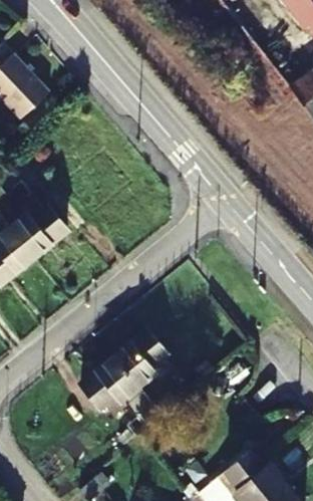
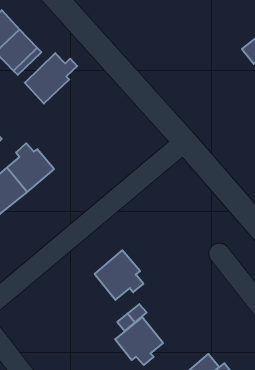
building: none -> [25,53,77,104]
building: [82,356,139,414] -> [115,317,163,365]

